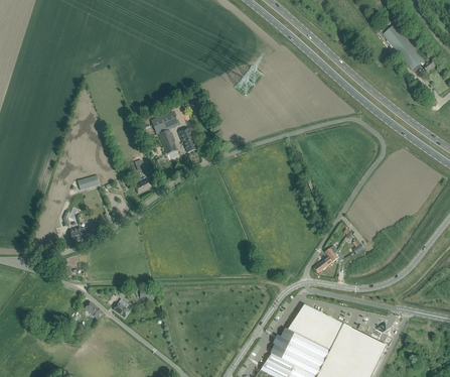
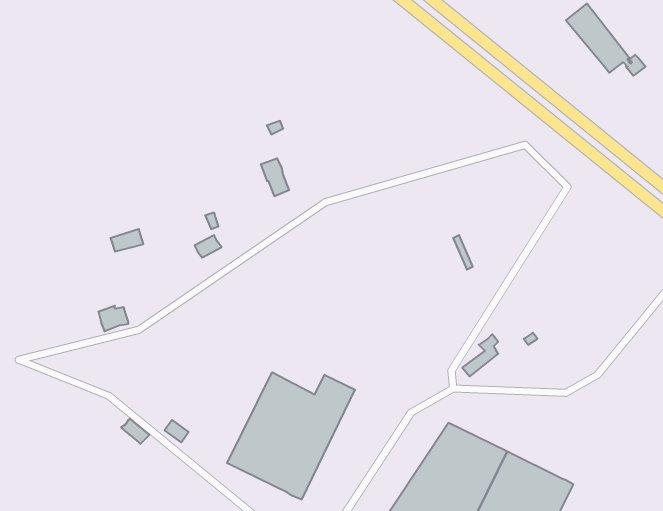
building: [150,110,178,152] -> none
building: none -> [227,372,355,500]

